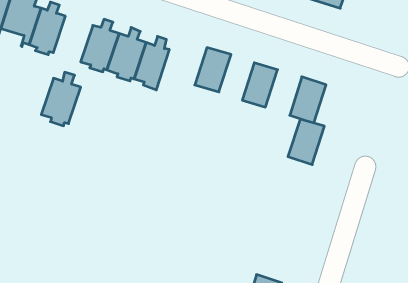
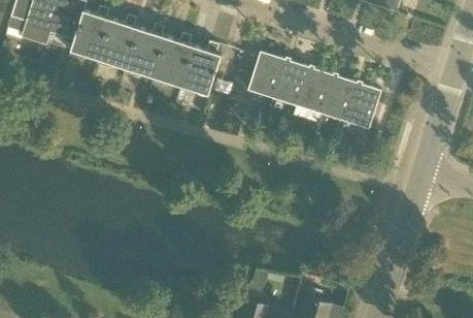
building: none -> [271,60,307,106]
building: [41,72,81,126] -> [102,14,142,69]
building: [288,119,324,165] -> [318,75,356,122]

